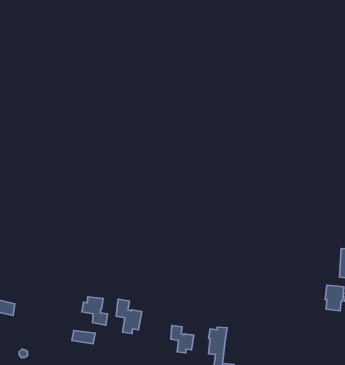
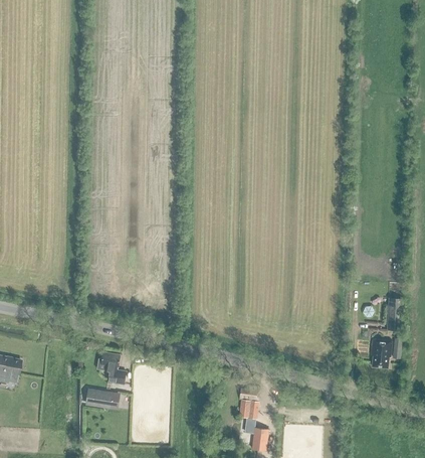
building: [116,299,142,333] -> none
building: [171,326,194,353] -> none

